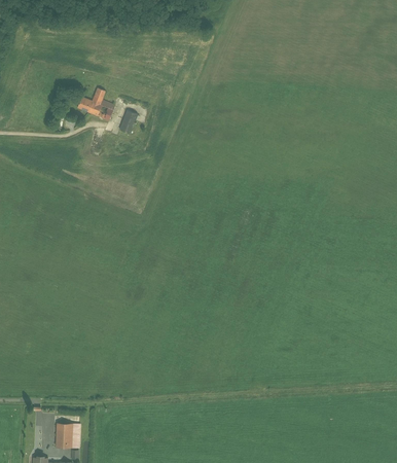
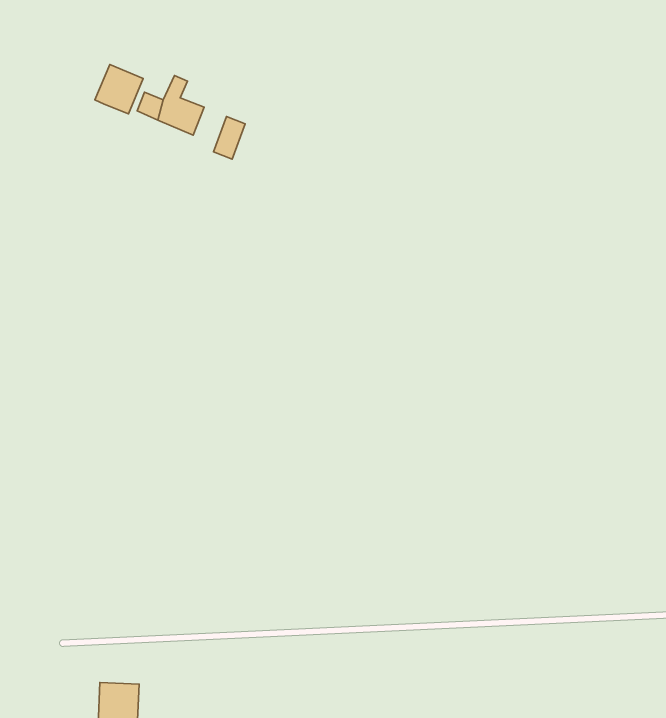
building: none -> [95,65,143,114]

